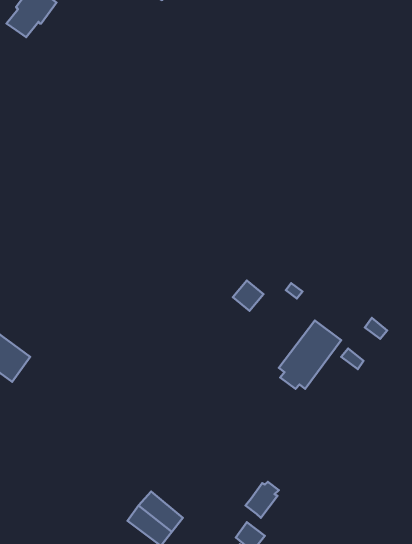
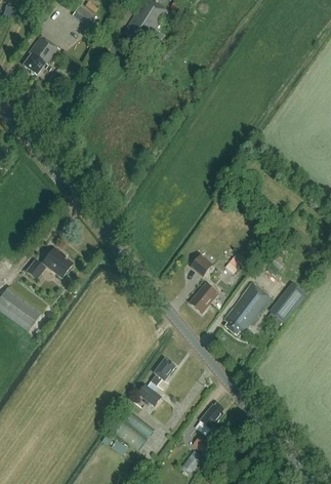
building: none -> [26,246,73,278]
building: none -> [190,282,218,311]
building: none -> [138,357,176,404]

